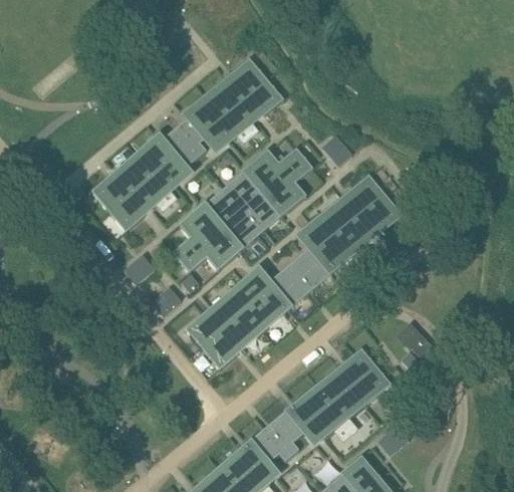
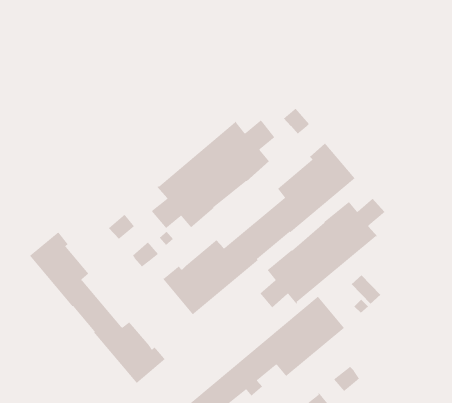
building: [91,58,283,232] -> none
building: none -> [260,198,385,308]
building: none -> [29,231,166,384]

